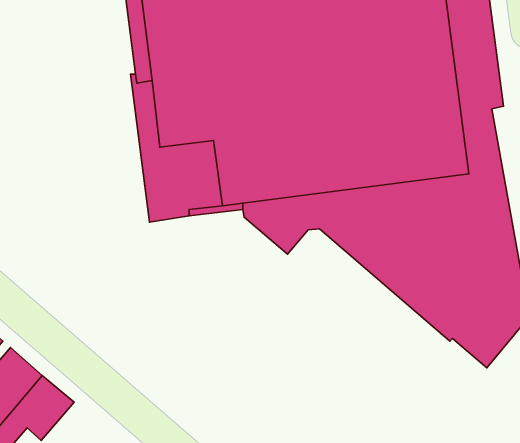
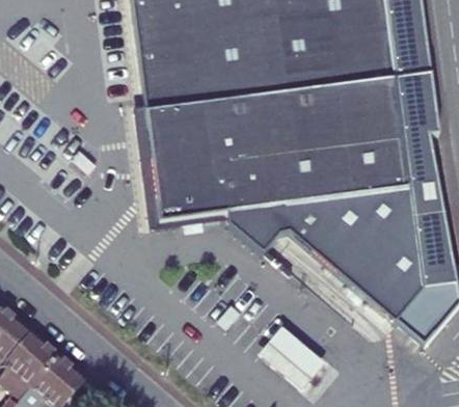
building: none -> [260,324,324,387]

